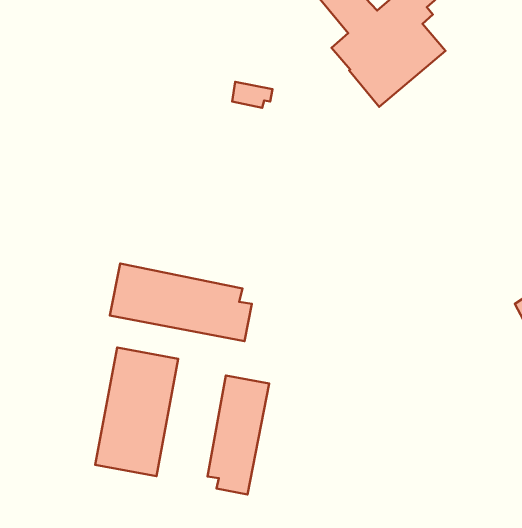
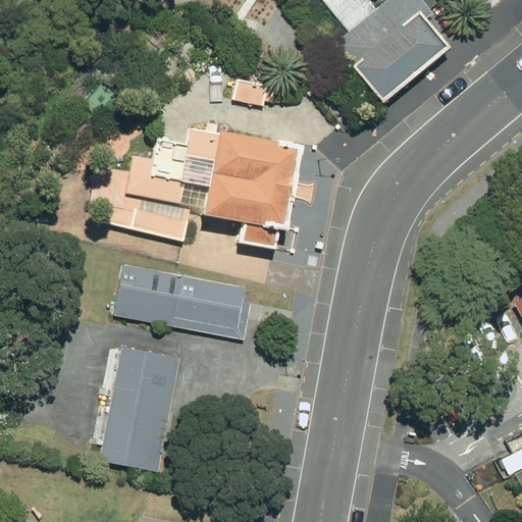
building: none -> [102,134,294,252]
building: [208,375,269,494] -> none

